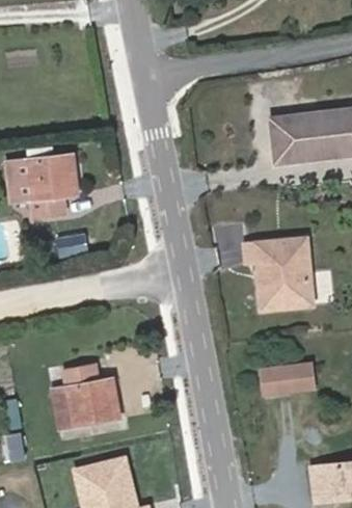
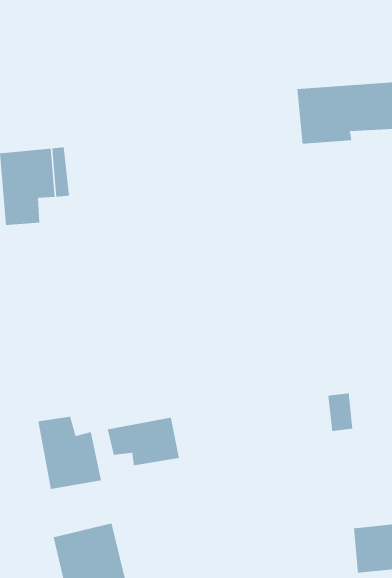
building: [235,226,302,308] -> none
building: [259,359,300,393] -> none
building: none -> [107,417,180,466]

